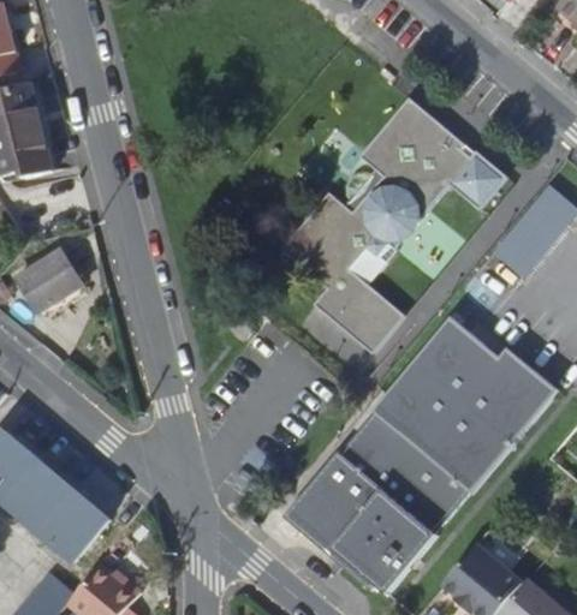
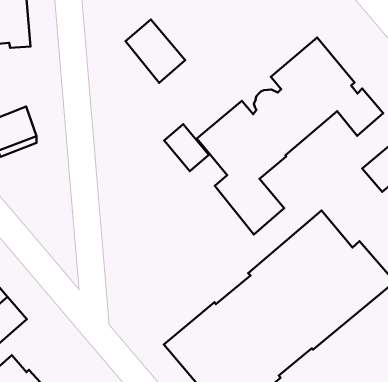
building: none -> [125,20,185,83]
building: none -> [164,124,209,171]

